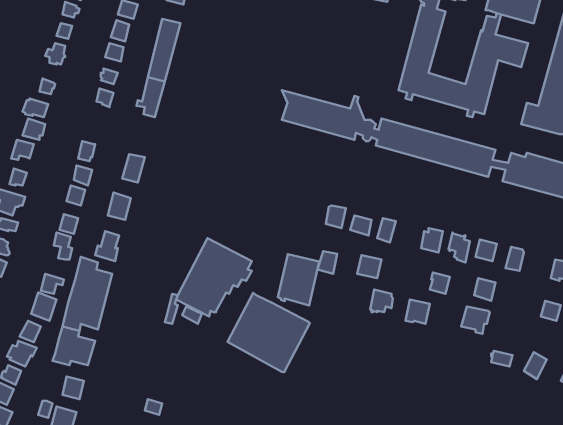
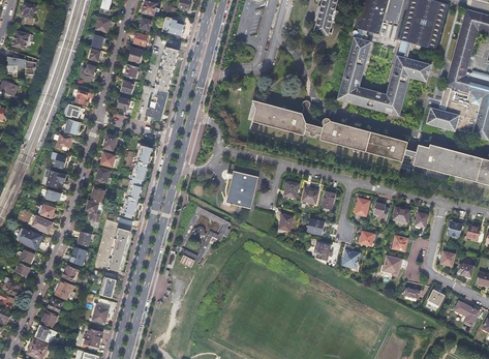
building: [278,254,319,306] -> [227,172,257,209]
building: [228,293,310,372] -> none

